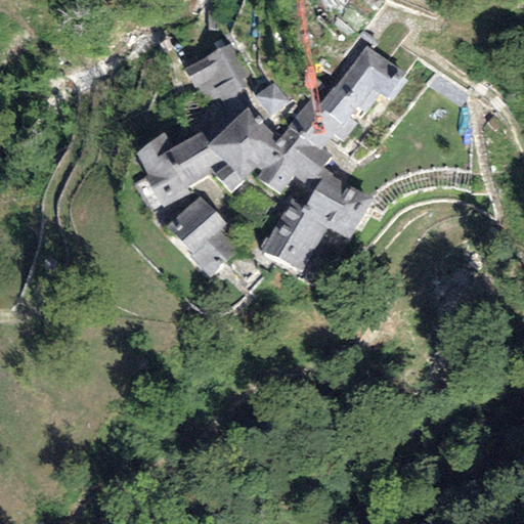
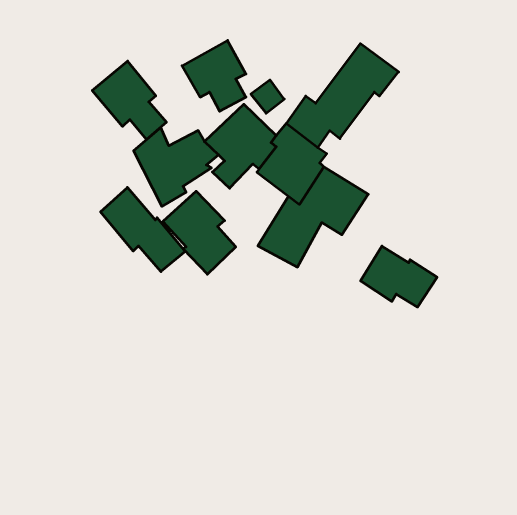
building: none -> [92,61,166,139]
building: none -> [101,187,185,272]
building: none -> [361,246,437,307]

